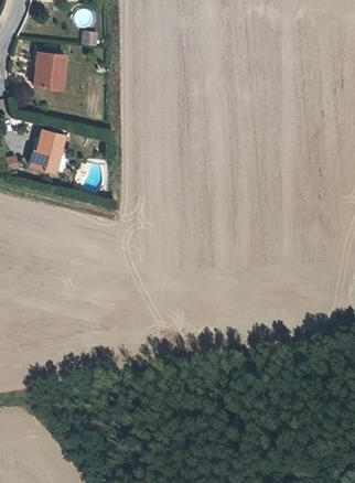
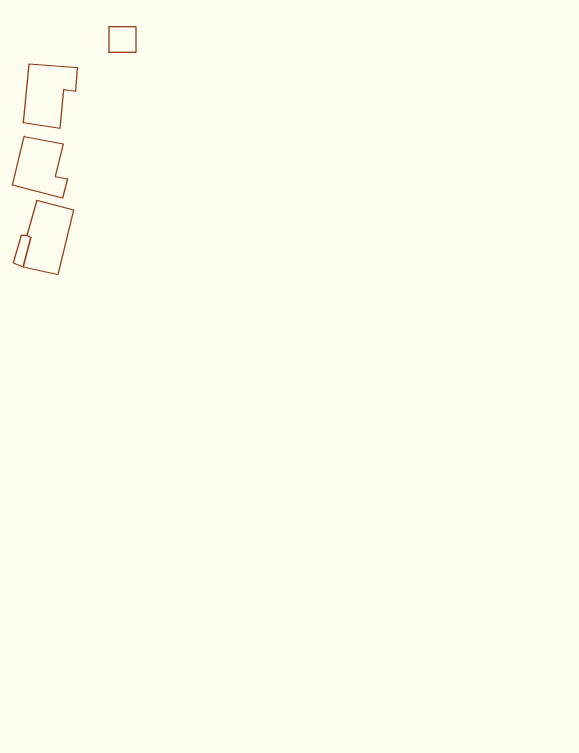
building: none -> [12,136,67,198]

